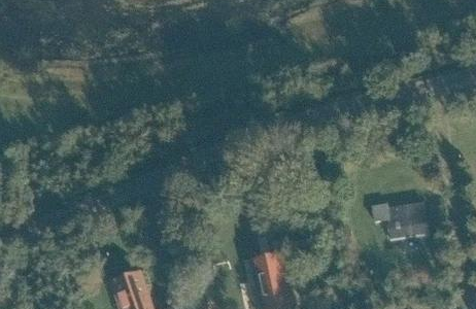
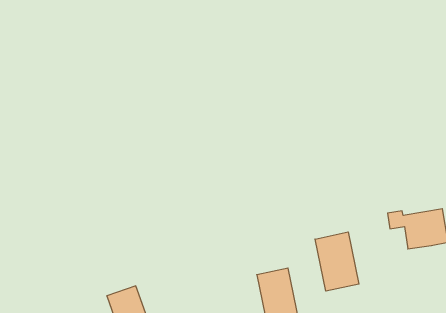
building: none -> [315,232,359,291]

